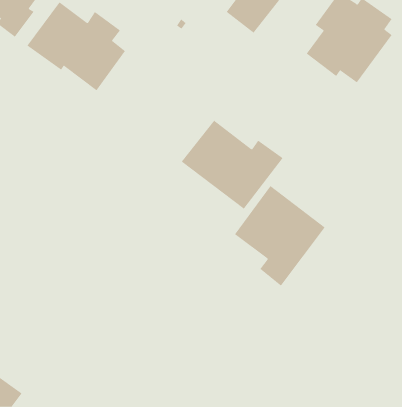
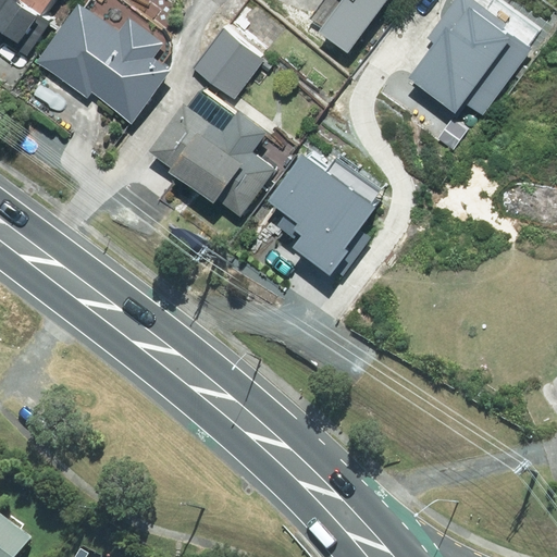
building: none -> [190,25,262,97]
building: none -> [149,95,274,218]
building: [234,185,326,287] -> none

